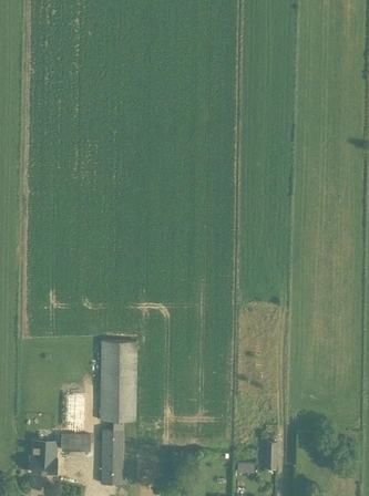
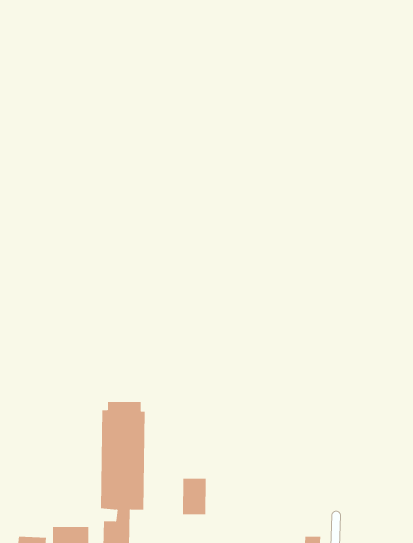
building: none -> [182,478,206,515]

